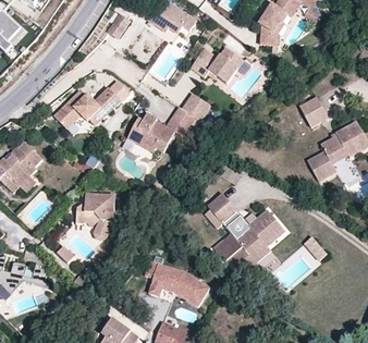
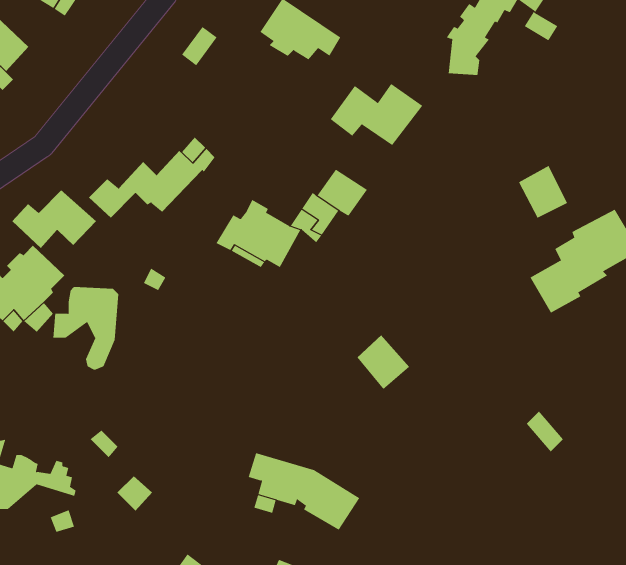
building: none -> [11,189,97,249]
building: [76,193,114,241] -> [53,287,119,370]
building: [214,210,285,277] -> none

